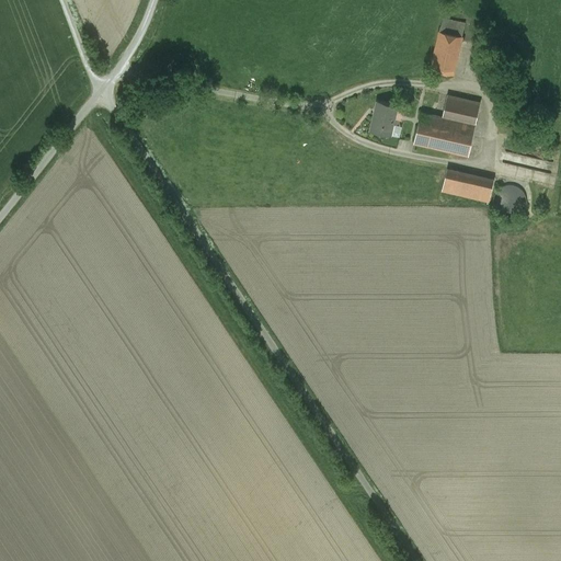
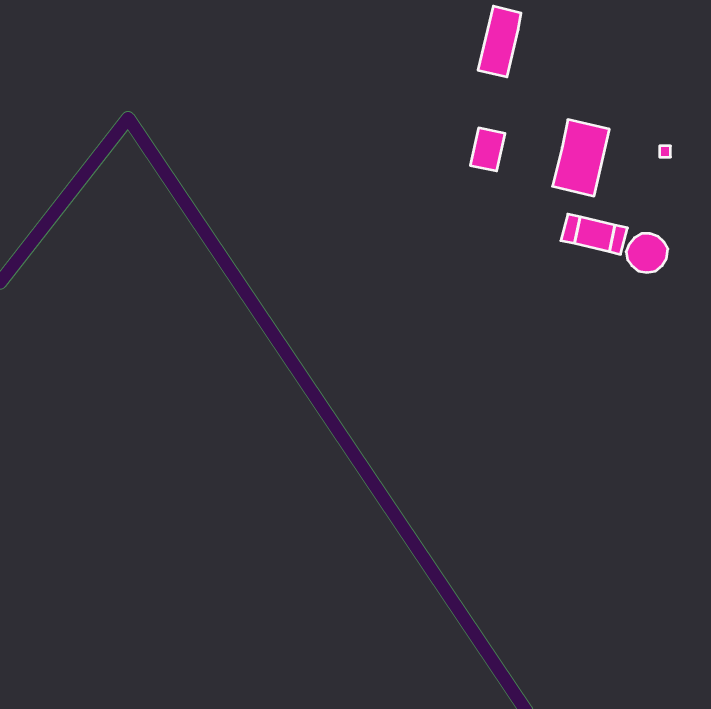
building: [431,19,465,75] -> [478,6,521,77]
building: [414,113,443,148] -> none

